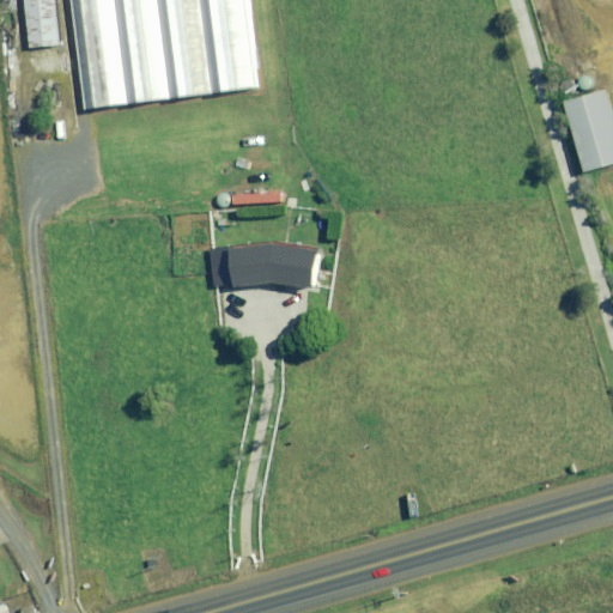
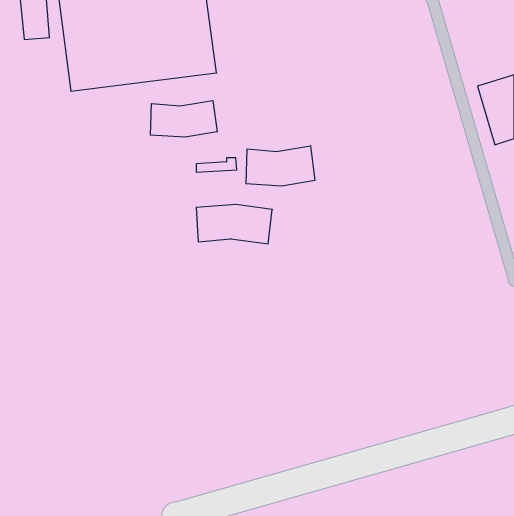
building: none -> [150,101,217,137]
building: none -> [246,146,315,186]

